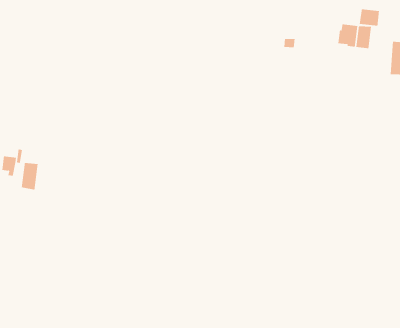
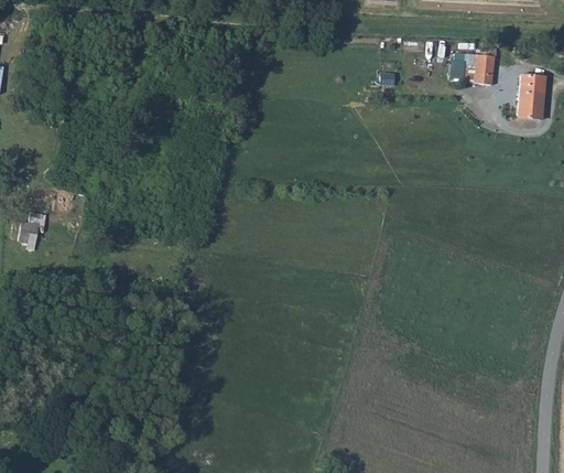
building: [359,8,379,27] -> none
building: [21,162,38,190] -> none

